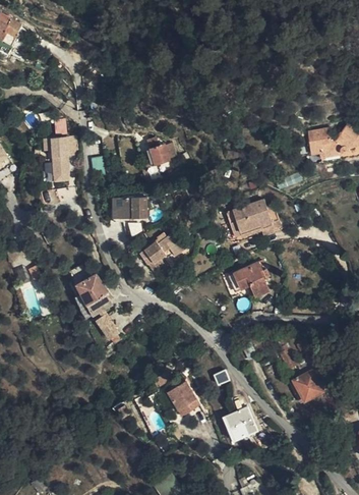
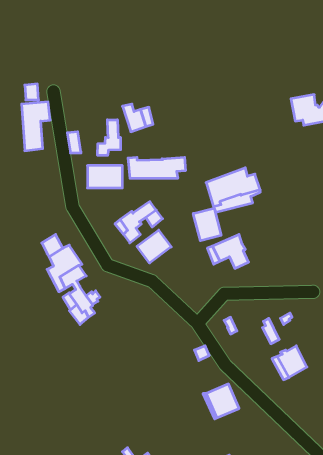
building: none -> [98,120,121,155]
building: none -> [128,157,185,178]
building: none -> [193,208,221,241]
building: none -> [137,230,171,263]
building: [168,381,198,415] -> none

